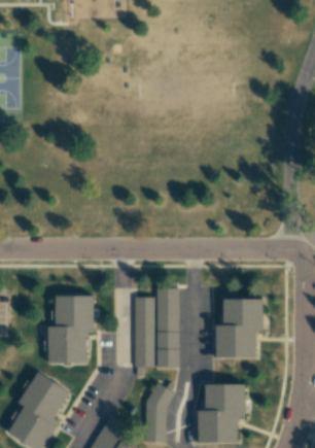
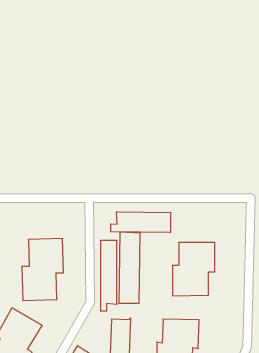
building: none -> [111,212,171,233]

